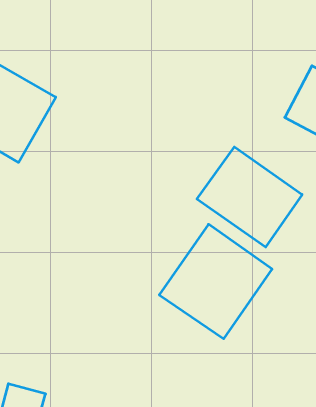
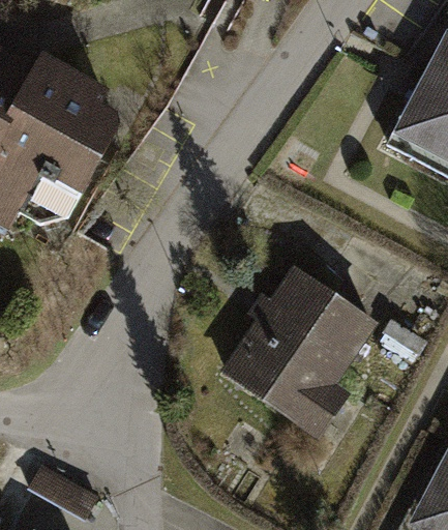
building: [197,147,302,247] -> none

